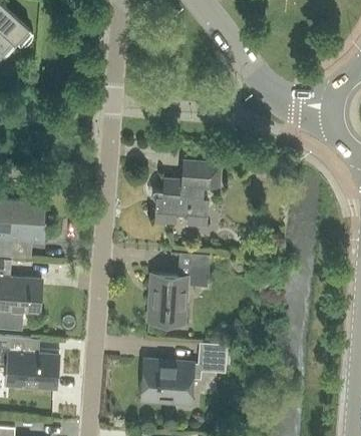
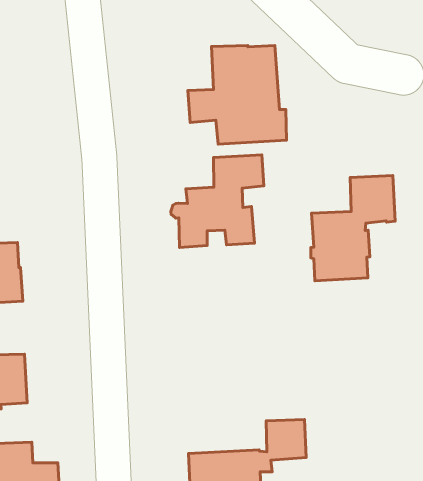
building: none -> [188,45,286,144]
building: [146,254,209,323] -> [311,176,395,281]

